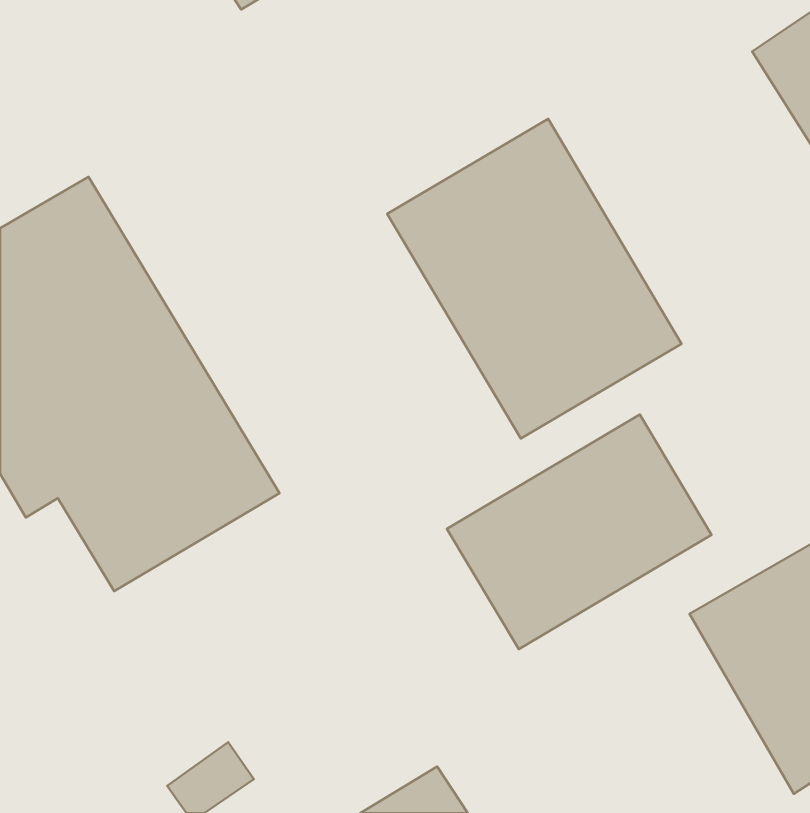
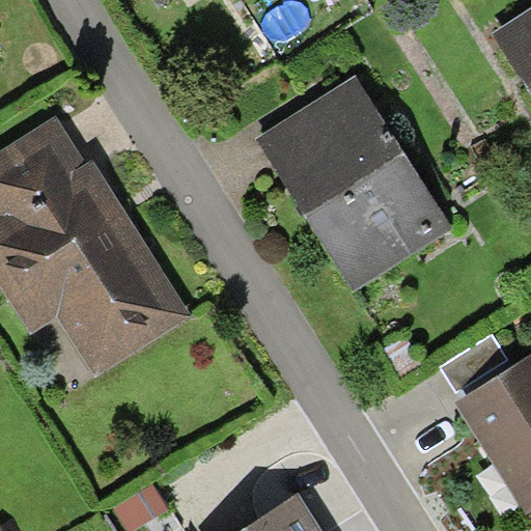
building: [447,414,712,649] -> none

